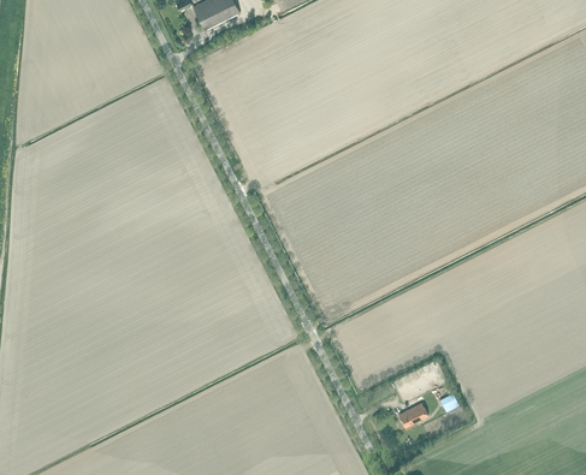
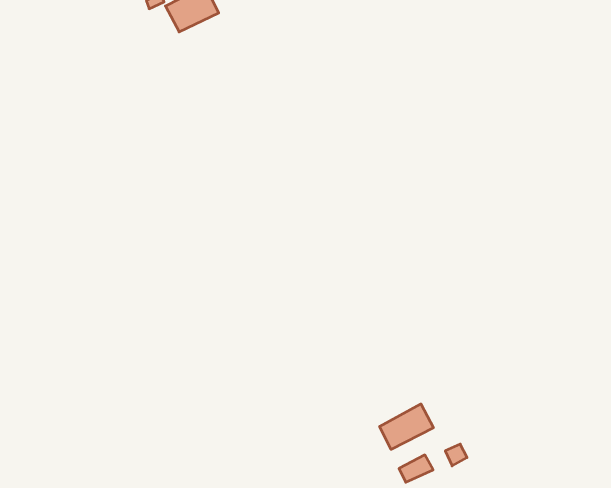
building: none -> [380,404,433,449]

